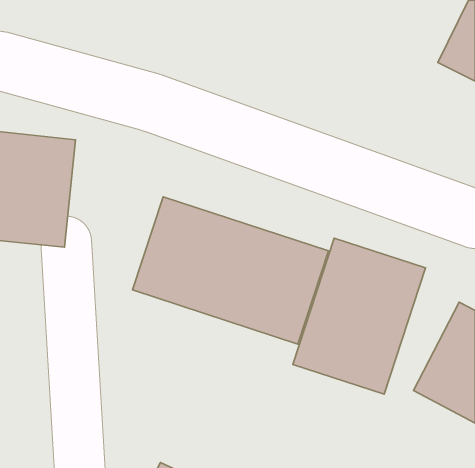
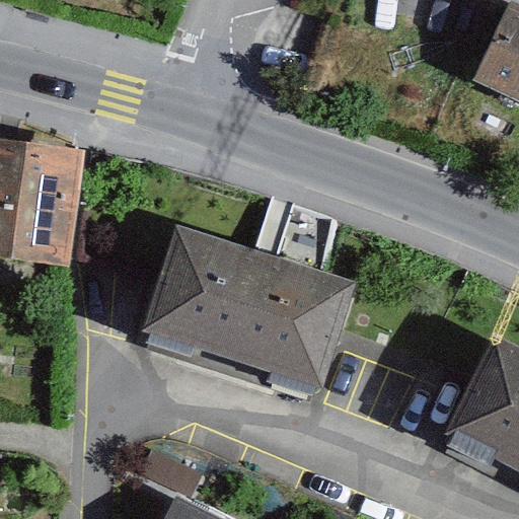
building: [293,238,426,394] -> none

